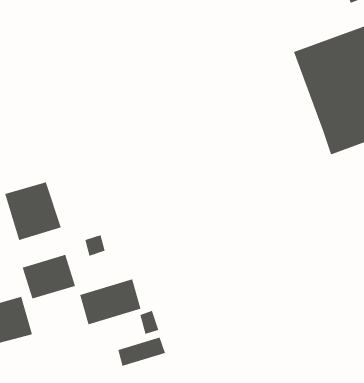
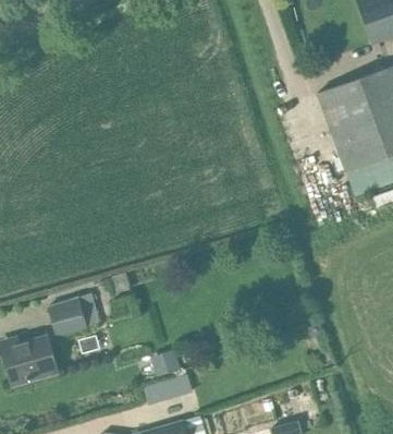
building: [5,181,61,241] -> none
building: [79,279,141,325] -> none

